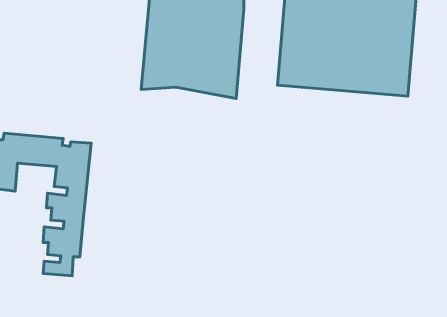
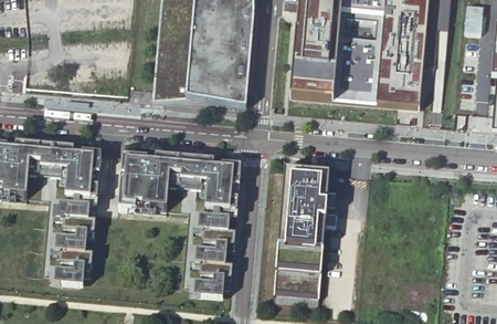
building: none -> [117,153,241,294]
building: none -> [272,159,330,304]

